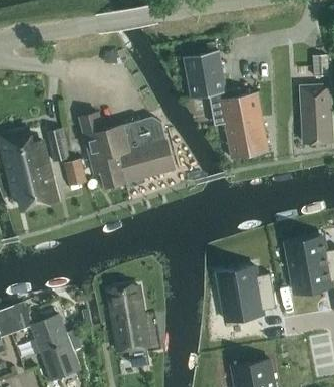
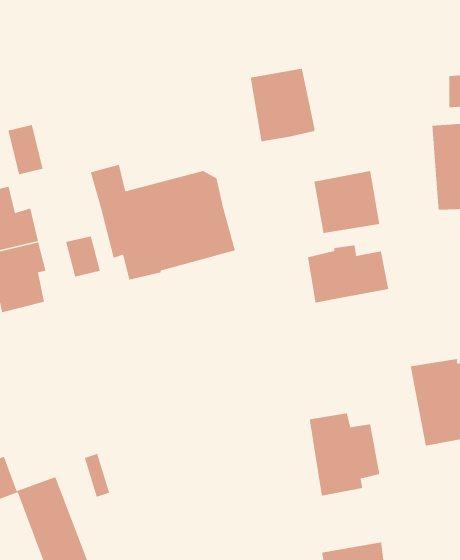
building: [209,87,262,126] -> [307,244,389,303]
building: [46,128,69,161] -> [8,124,43,175]
building: [108,287,148,352] -> none

